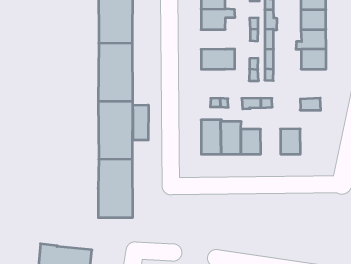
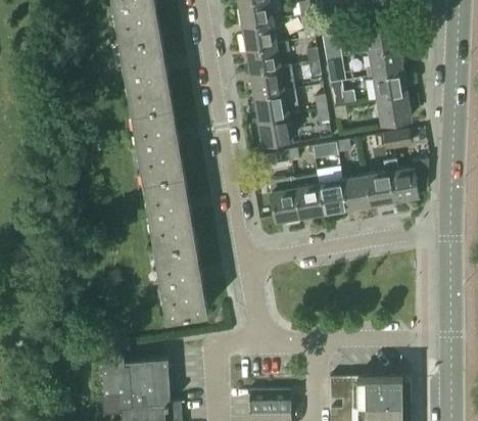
building: none -> [250,67,294,98]
building: none -> [377,96,411,125]
building: none -> [258,116,291,145]
building: [133,105,148,140] -> none
building: none -> [385,160,428,202]
building: none -> [341,177,370,211]

